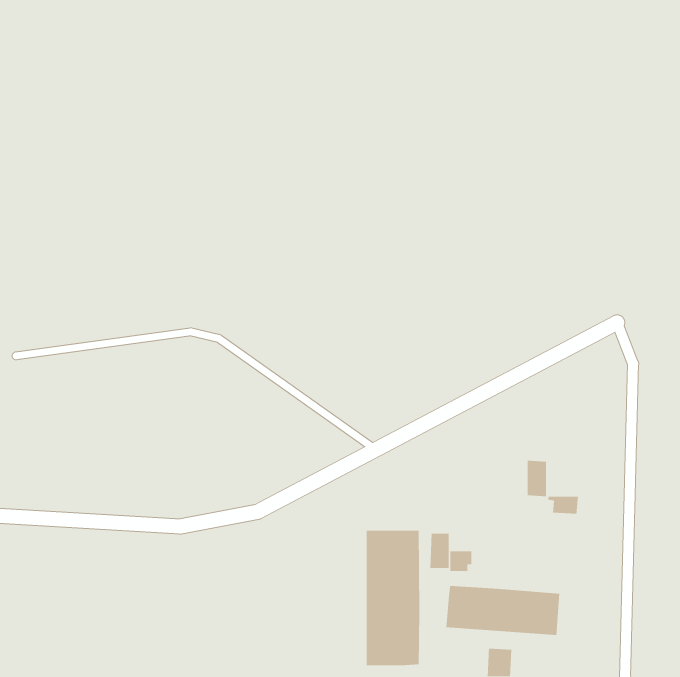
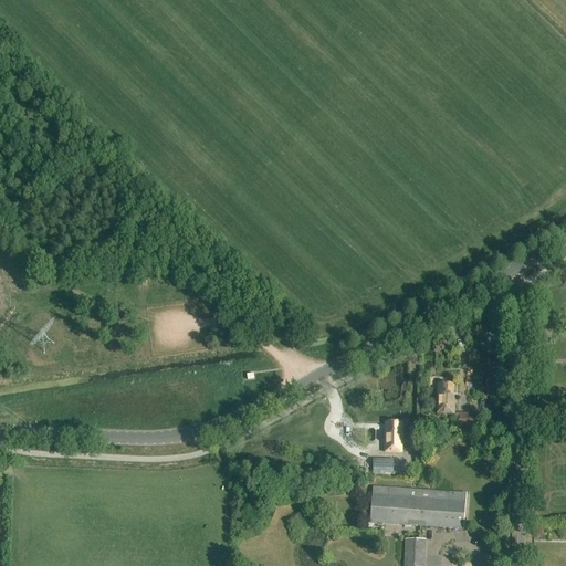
building: [366,530,420,666] -> none
building: [429,533,449,569] -> [384,420,400,450]

